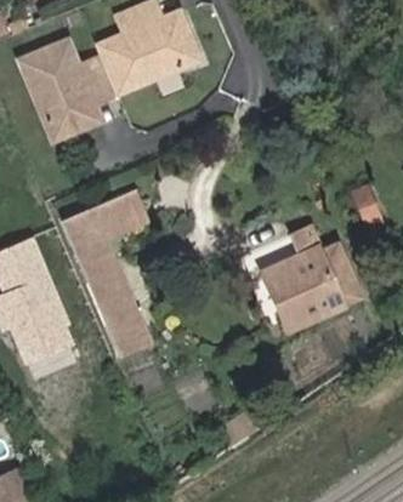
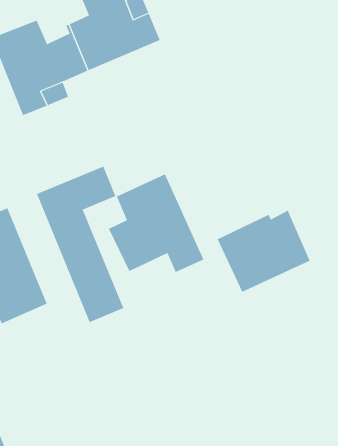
building: none -> [108,174,204,273]

